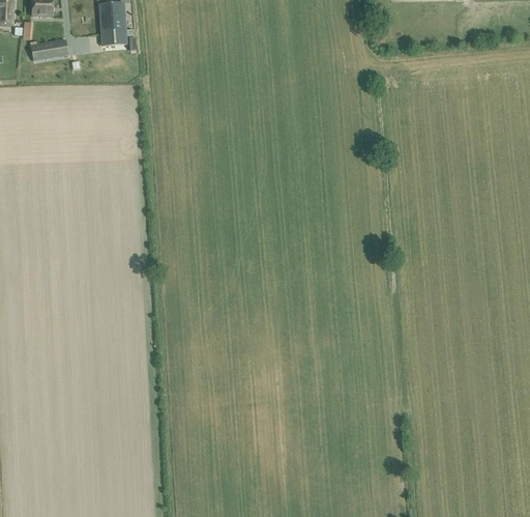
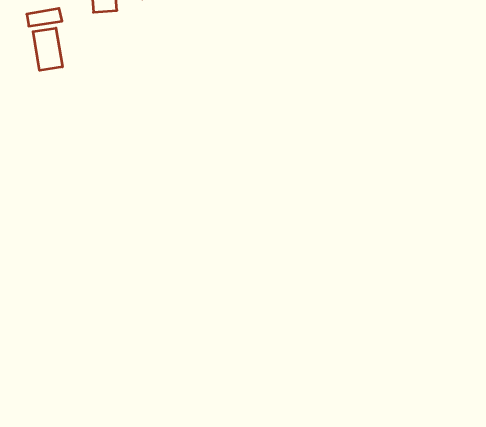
building: none -> [33,28,62,70]

